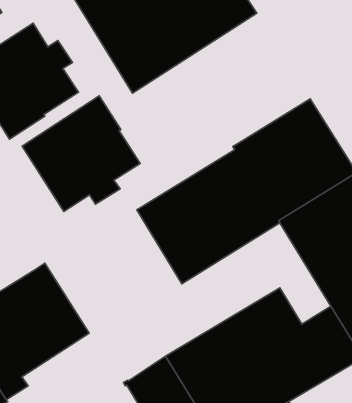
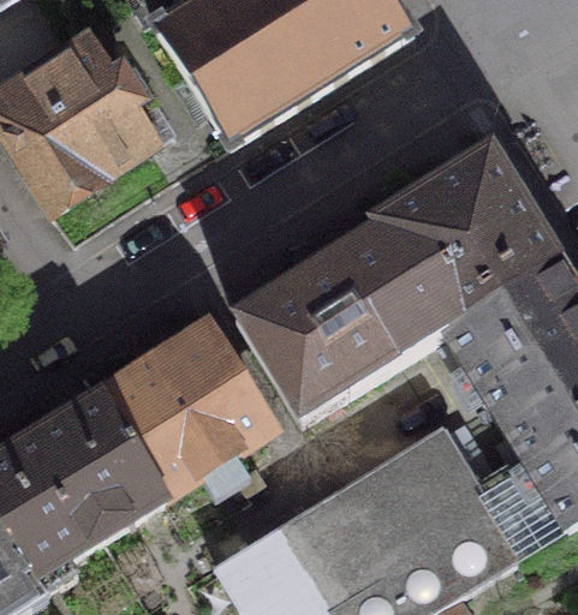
building: [22,96,140,212] -> none
building: none -> [101,326,269,492]

